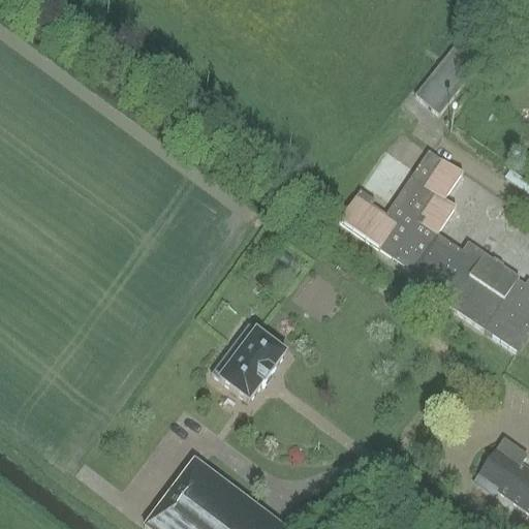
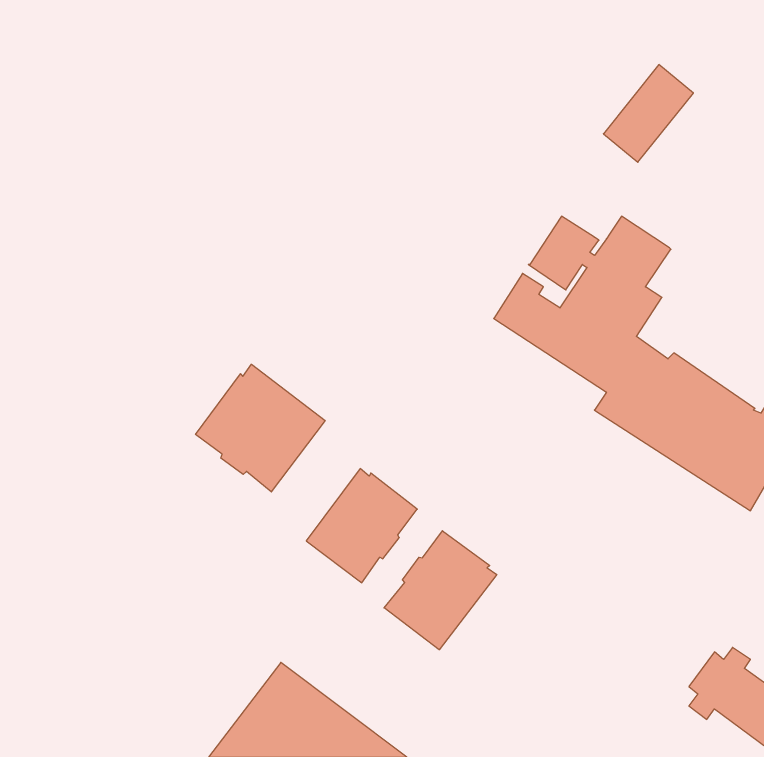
building: none -> [196,364,325,492]
building: none -> [384,531,497,650]

